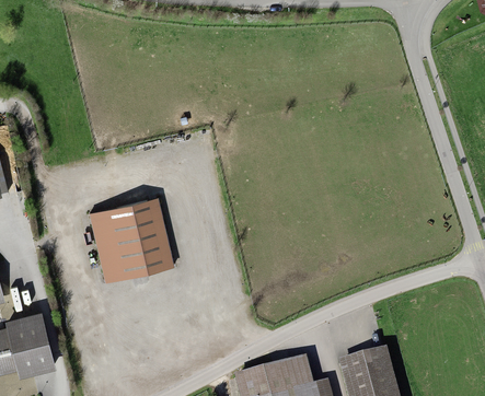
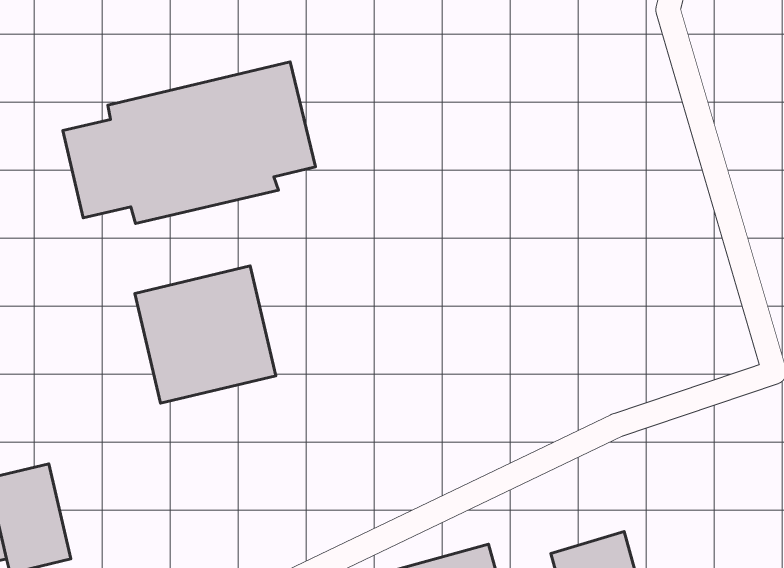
building: none -> [63,62,316,223]

